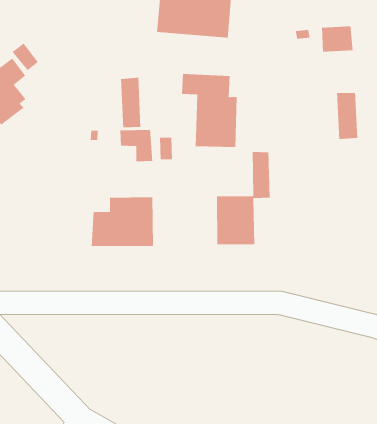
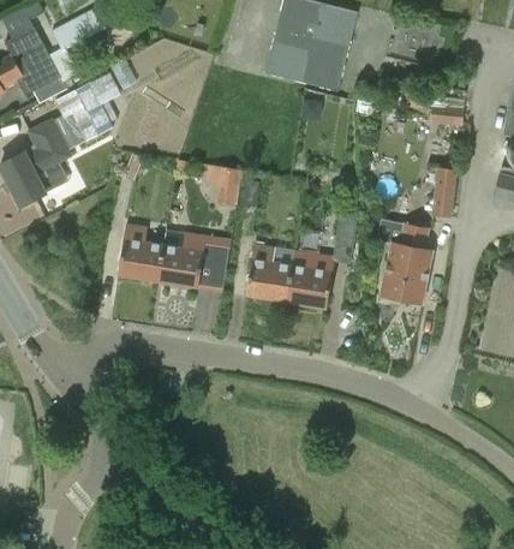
building: [181,73,238,148] -> [376,217,434,304]
building: [120,77,141,128] -> none
building: none -> [246,244,295,302]
building: none -> [118,225,166,281]

